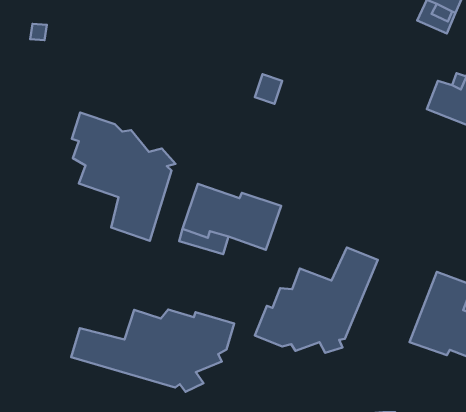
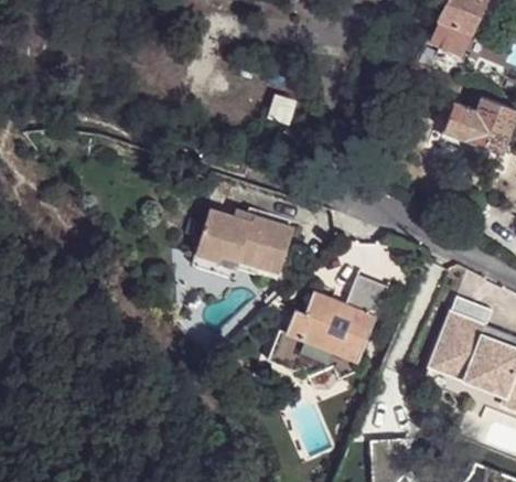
building: [72,113,175,241] -> none
building: [71,309,234,392] -> none

